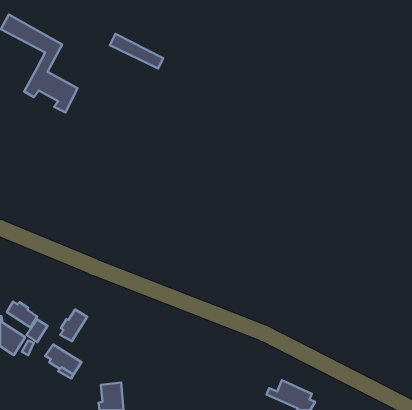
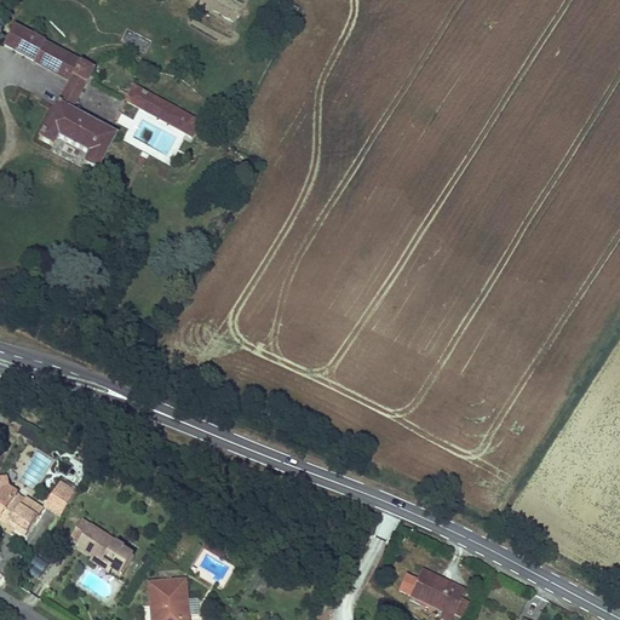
building: [110,34,163,69] -> [125,81,205,133]
building: [7,301,37,327] -> none
building: [60,310,87,341] -> none

